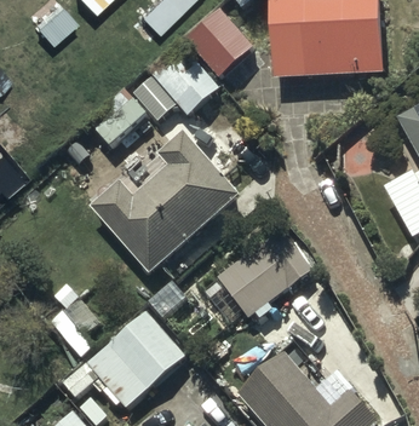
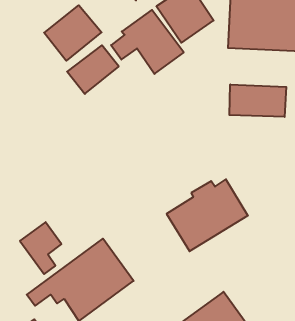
building: none -> [44,5,102,61]
building: none -> [229,84,286,117]
building: [90,132,239,275] -> none

